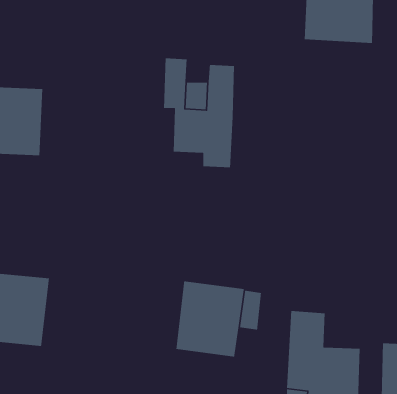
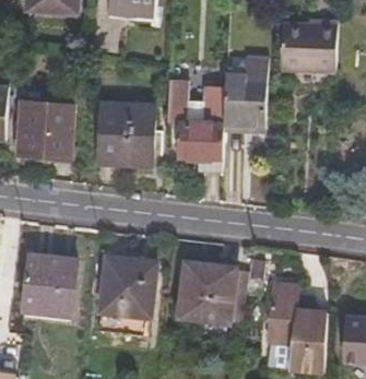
building: none -> [224,59,268,131]
building: none -> [99,104,155,168]
building: none -> [98,253,155,330]

